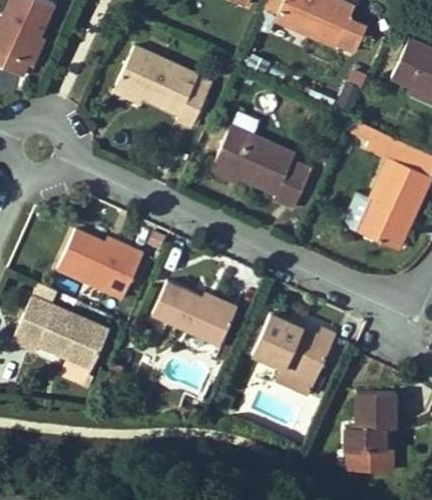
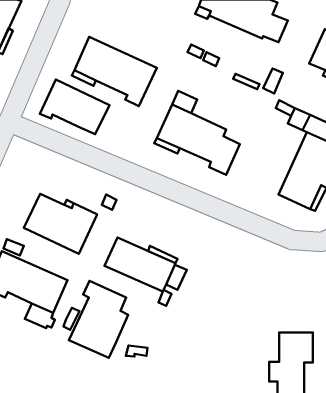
building: none -> [40,80,110,134]
building: [252,306,338,391] -> none
building: none -> [69,281,128,358]

